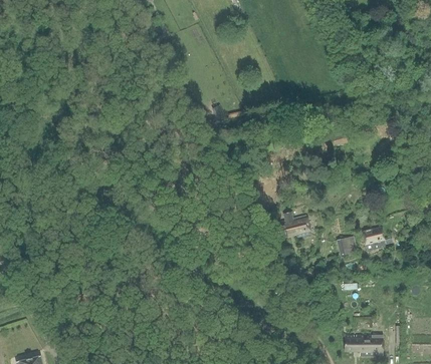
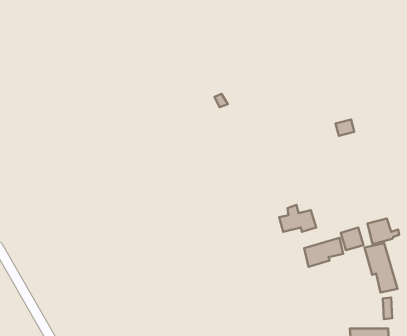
building: none -> [304,238,343,267]
building: none -> [364,243,398,292]

